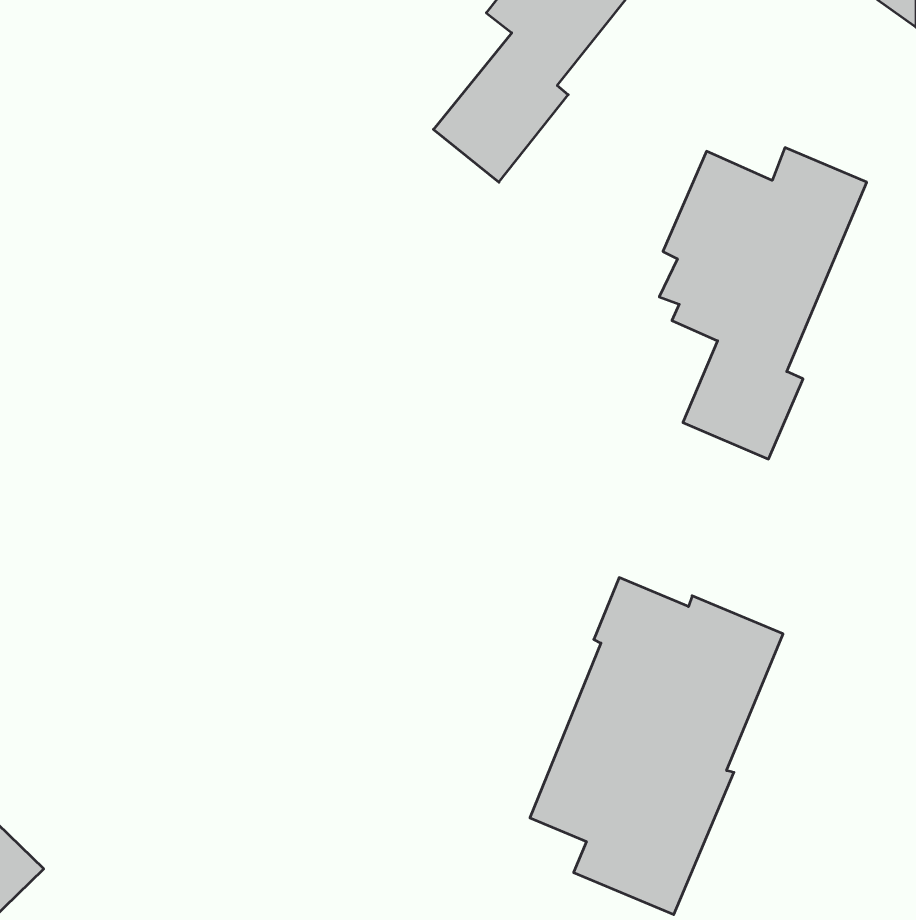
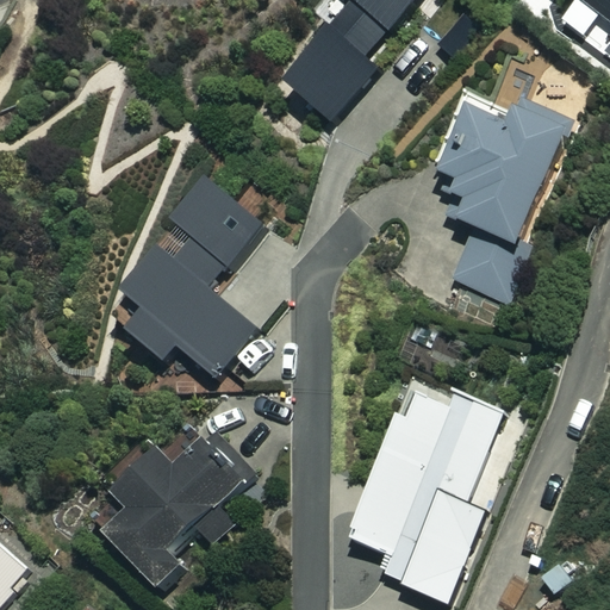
building: none -> [125,186,262,378]
building: none -> [88,424,253,583]

